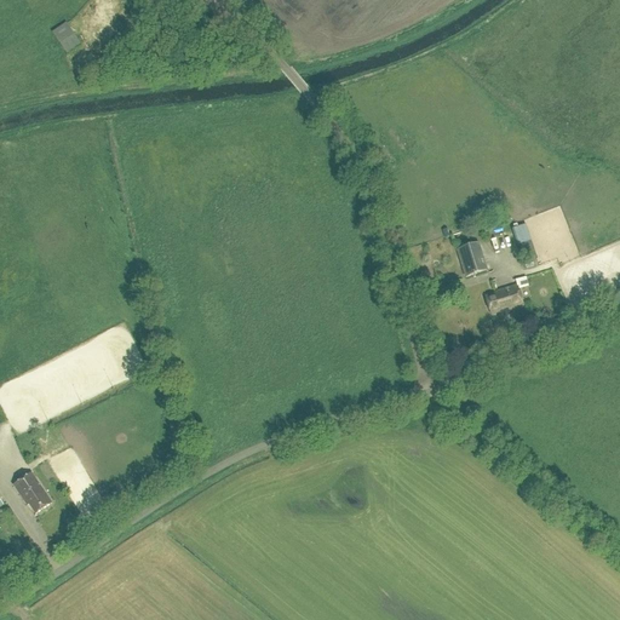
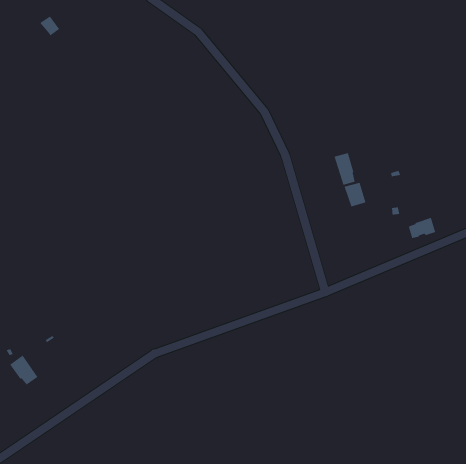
building: none -> [334,152,355,186]
building: [484,282,522,311] -> [408,217,436,239]

